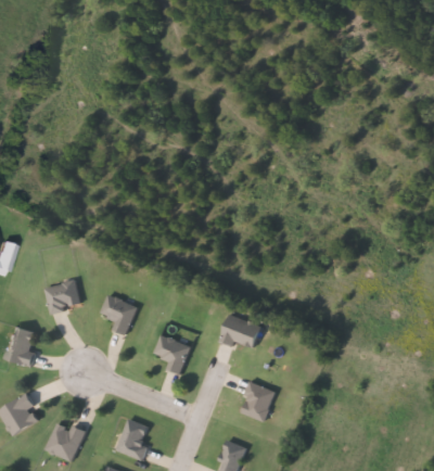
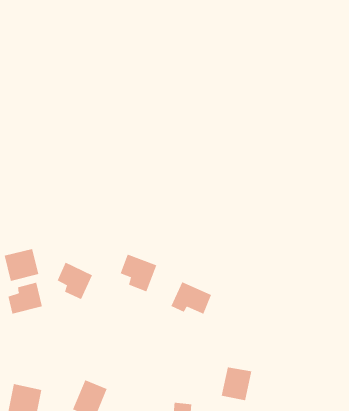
building: none -> [8,282,42,315]
building: [153,333,192,373] -> [120,254,157,292]
building: [242,383,275,419] -> [221,367,252,401]

